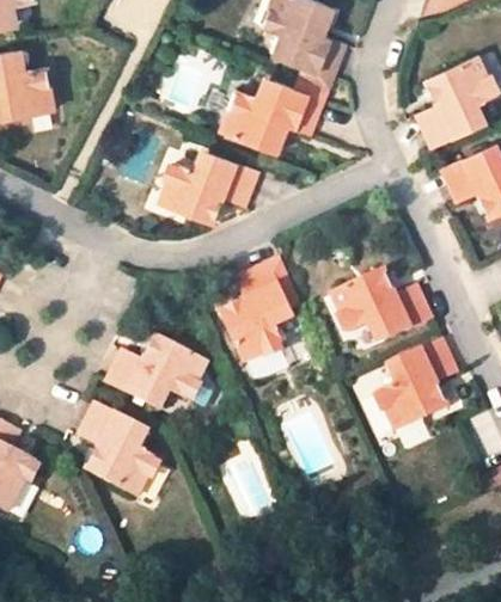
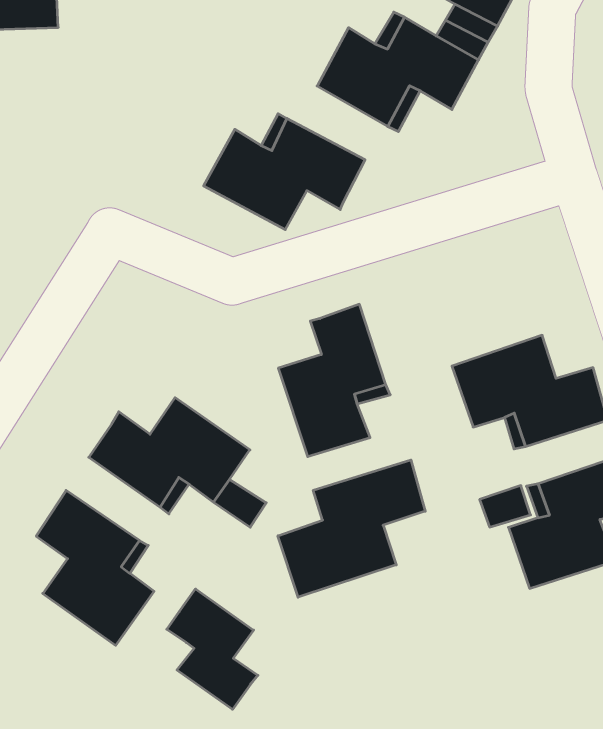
building: none -> [278,460,425,597]
building: none -> [167,589,258,709]

